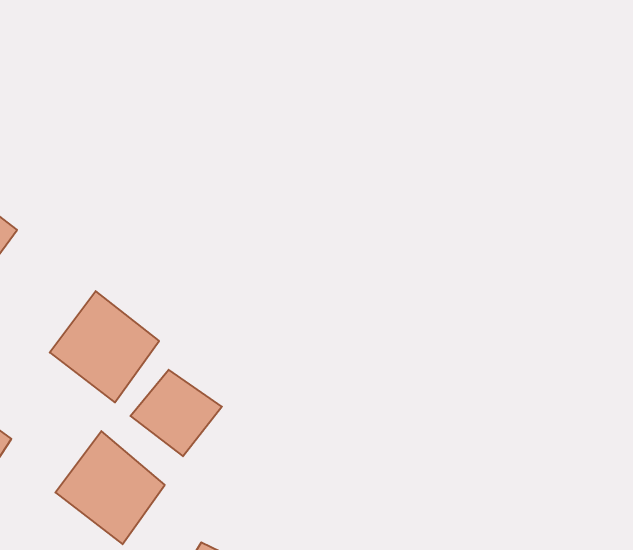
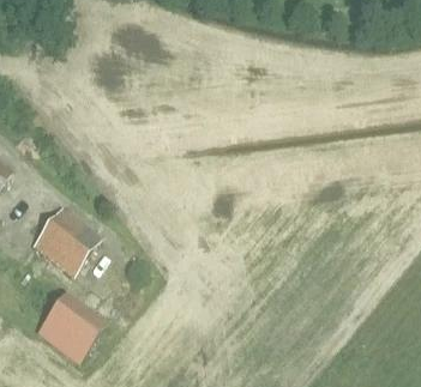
building: [130,370,222,456] -> none

